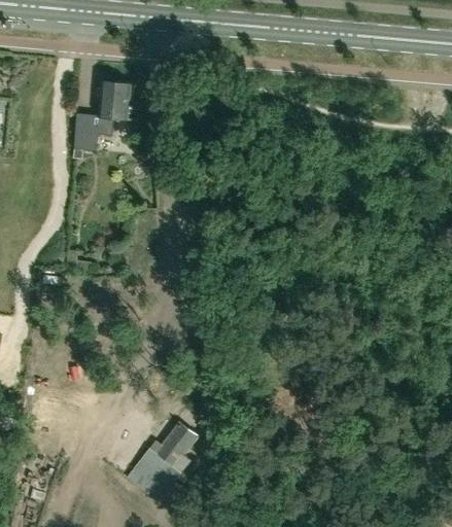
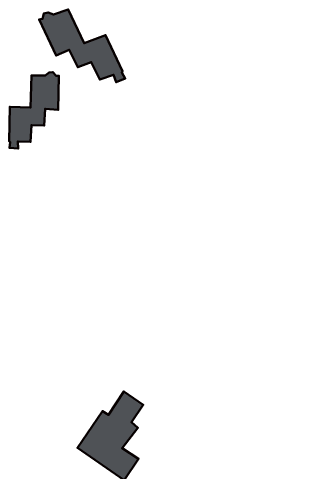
building: none -> [39,9,125,82]

